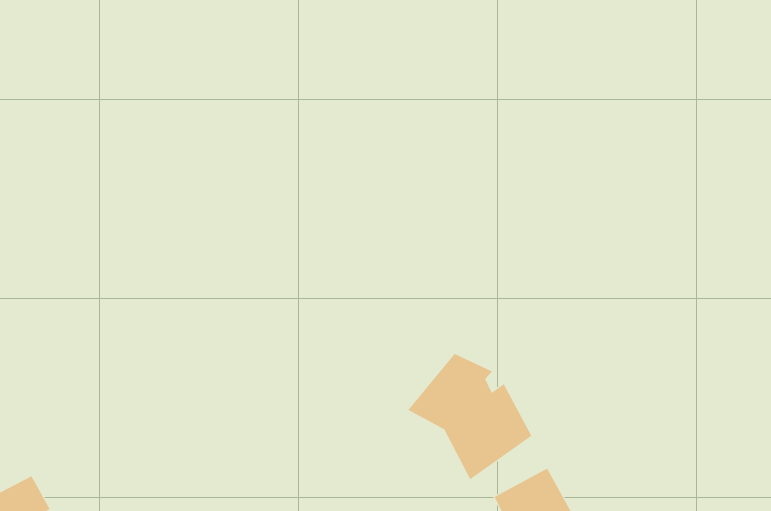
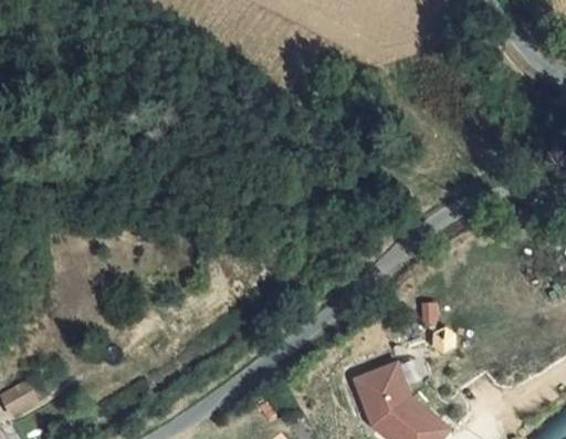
building: [408,353,532,480] -> none

